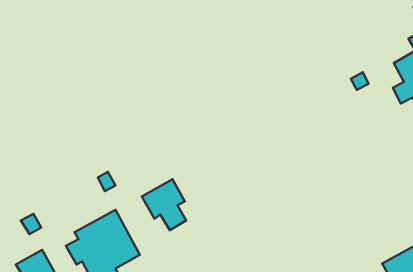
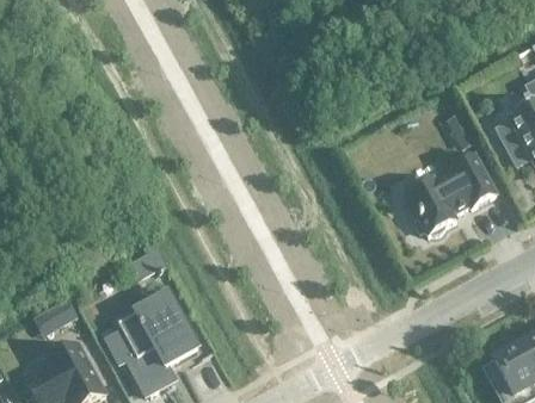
building: none -> [404,151,494,231]
building: [142,179,186,230] -> none

